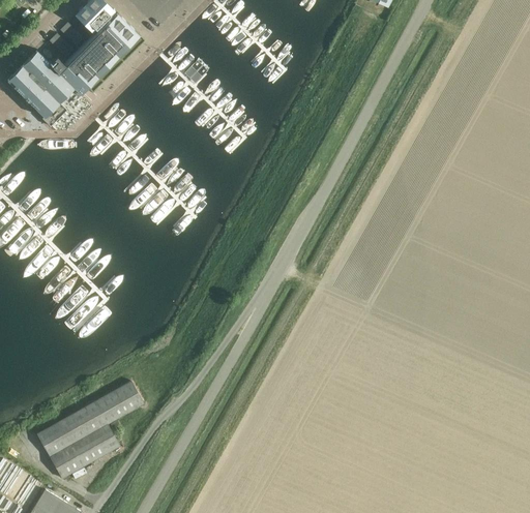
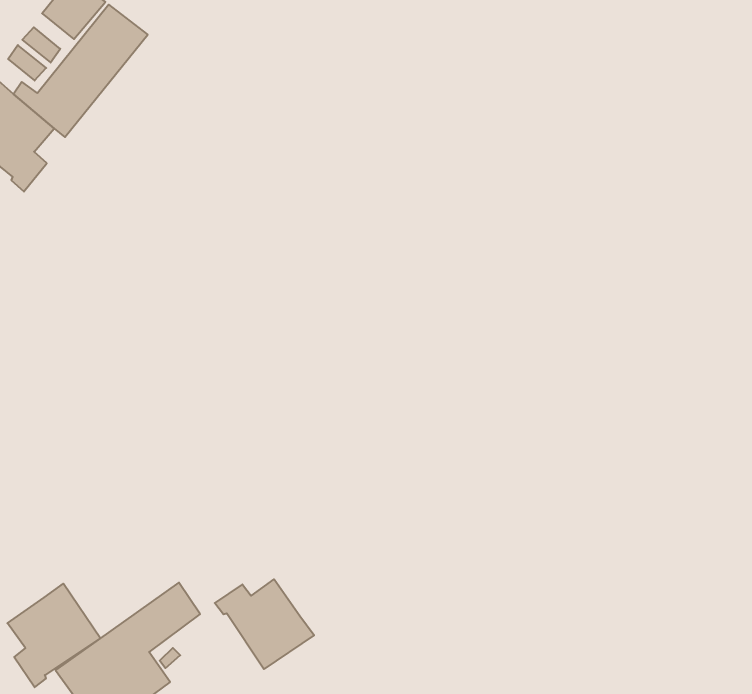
building: none -> [7,584,100,687]
building: none -> [215,579,314,669]

